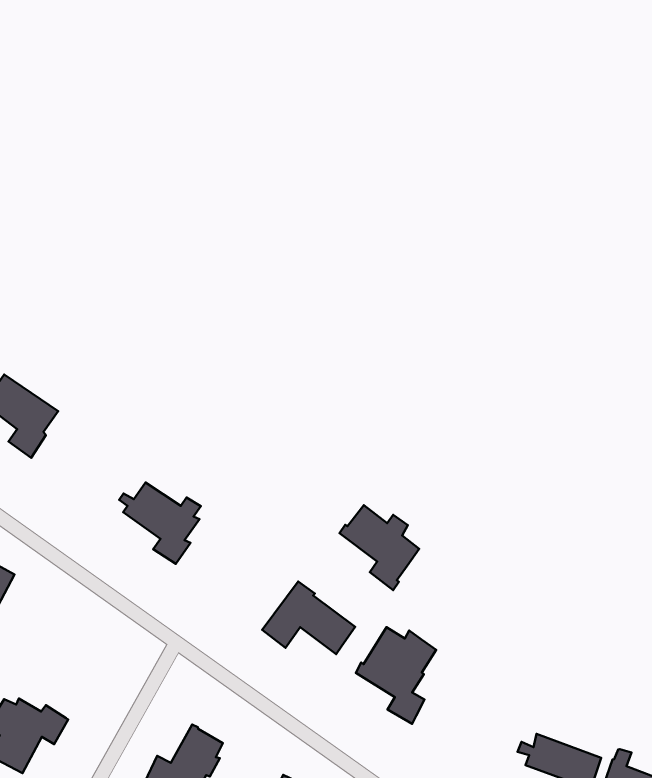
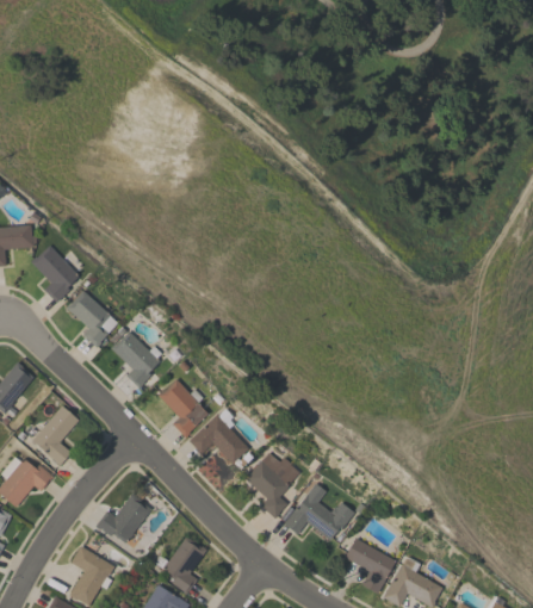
building: none -> [66,290,118,348]
building: [339,505,419,590] -> [157,379,207,438]
building: none -> [32,405,79,465]
building: none -> [280,483,354,540]

